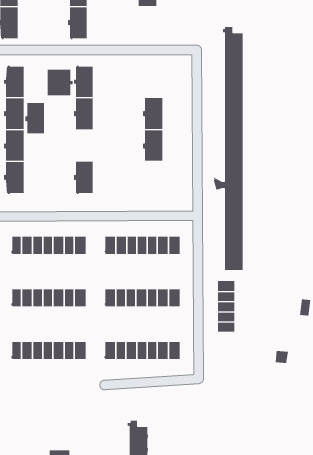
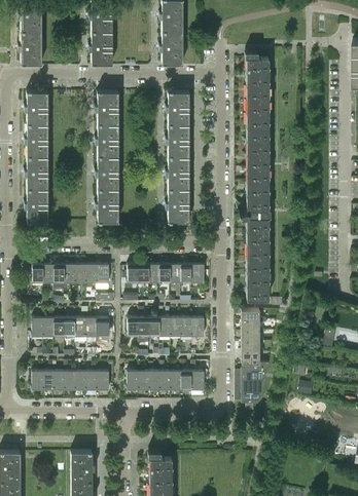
building: none -> [159,31,183,65]
building: none -> [166,90,187,123]
building: [47,69,73,96] -> none
building: [25,103,45,134] -> [96,156,116,188]
building: none -> [166,188,187,222]
building: none -> [236,368,267,403]
building: none -> [71,451,96,481]

